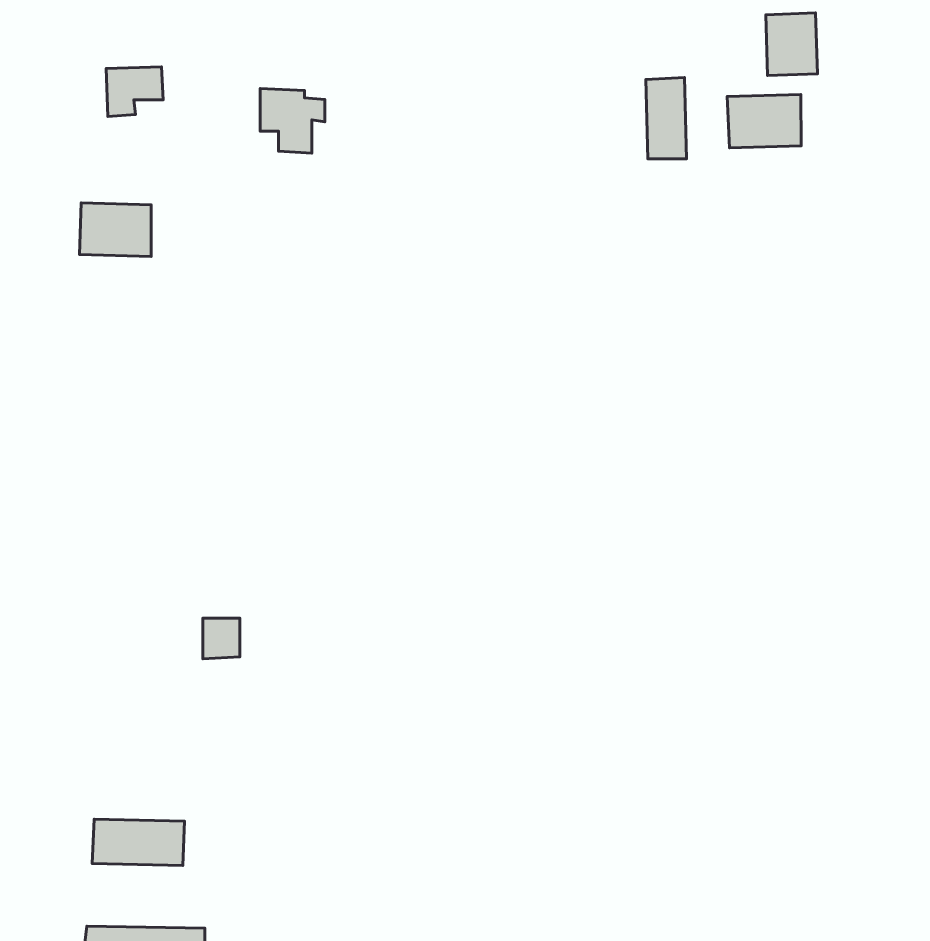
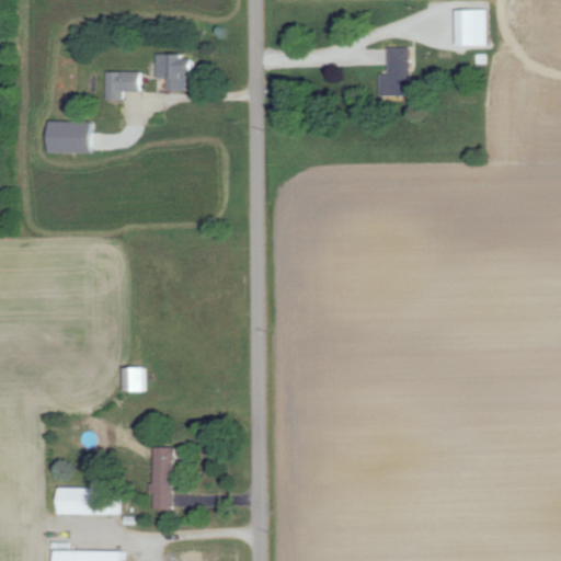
building: [106,67,163,116] -> [103,71,137,101]
building: [727,94,801,148] -> none
building: none -> [150,448,172,510]

